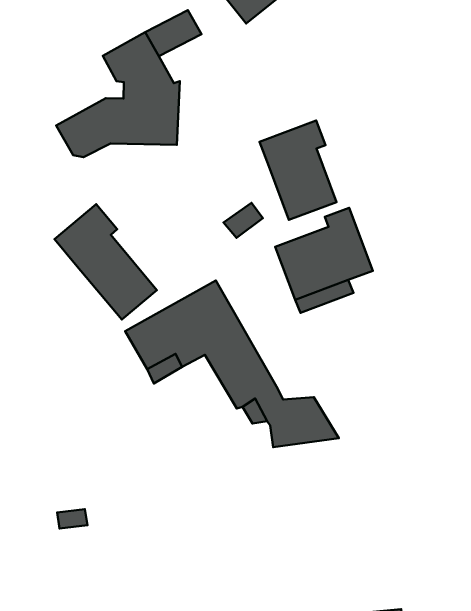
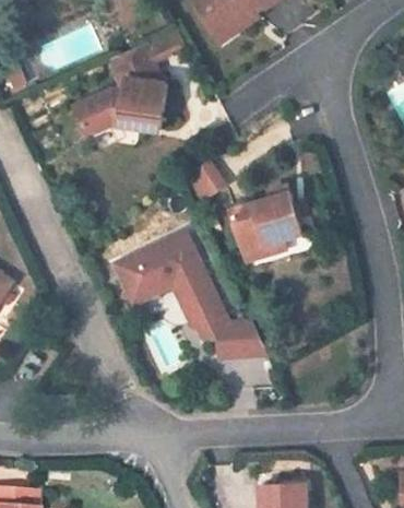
building: [260,121,336,220] -> none
building: [54,204,157,320] -> none

